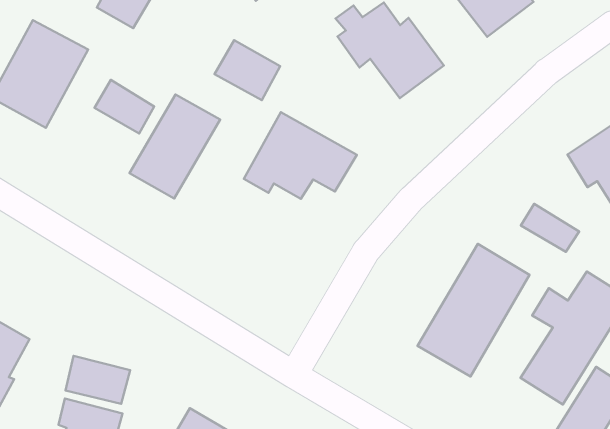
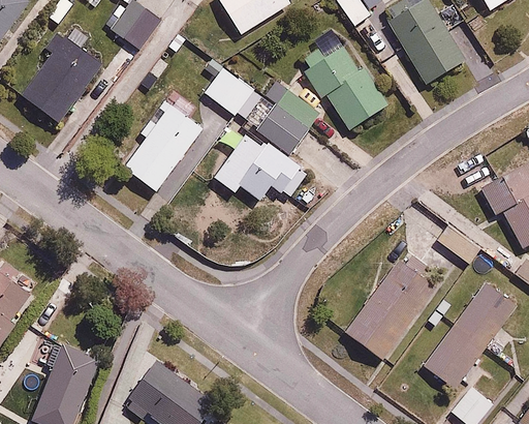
building: none -> [238,84,318,155]
building: [94,80,154,134] -> none
building: [66,356,130,404] -> none

